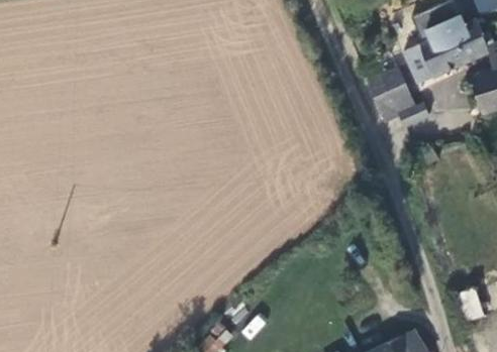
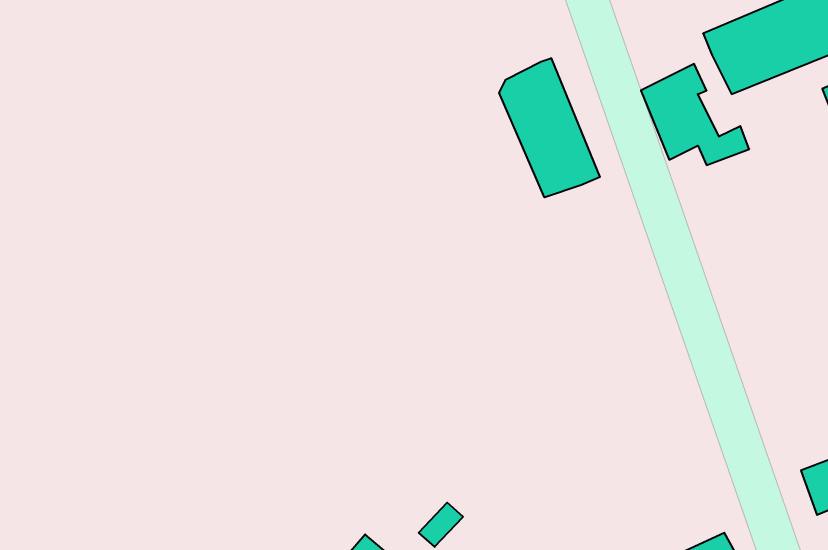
building: none -> [499,58,600,197]

